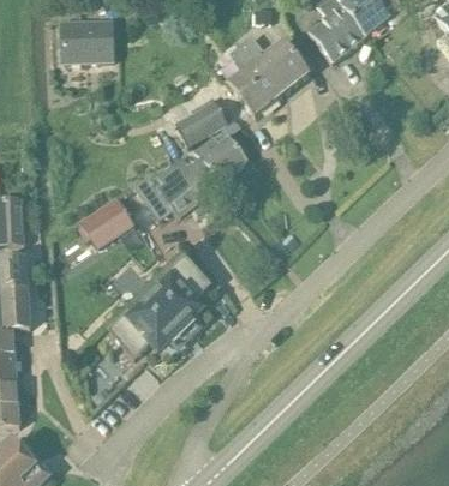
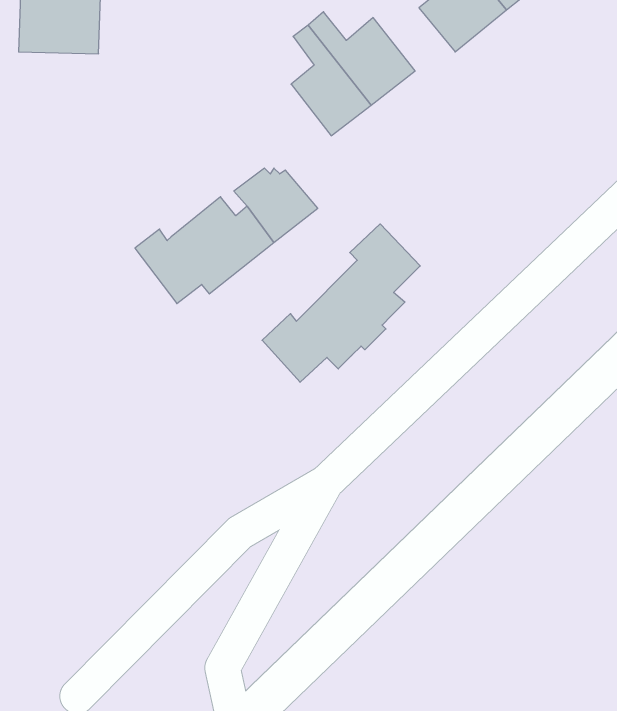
building: [175,96,226,144] -> none
building: [83,193,134,241] -> none
building: [109,259,209,359] -> [262,224,420,382]

